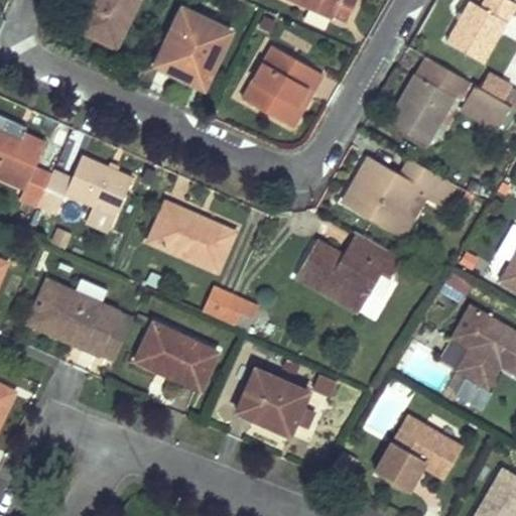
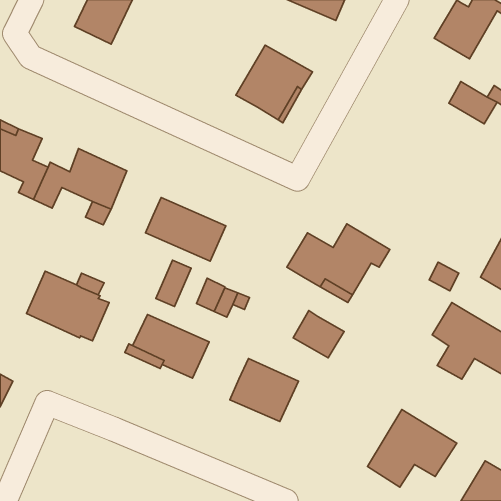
building: [155,9,229,88] -> none
building: [388,55,469,142] -> none
building: [343,156,457,235] -> none
building: [96,310,132,358] -> [156,260,191,306]
building: none -> [293,310,344,358]

